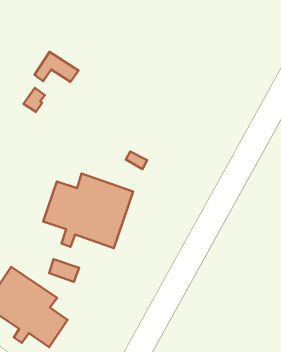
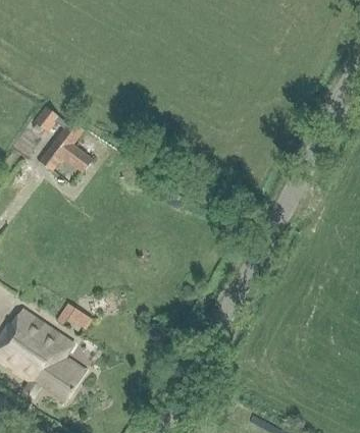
building: [34,52,79,82] -> [40,134,91,169]
building: [43,173,133,248] -> none

